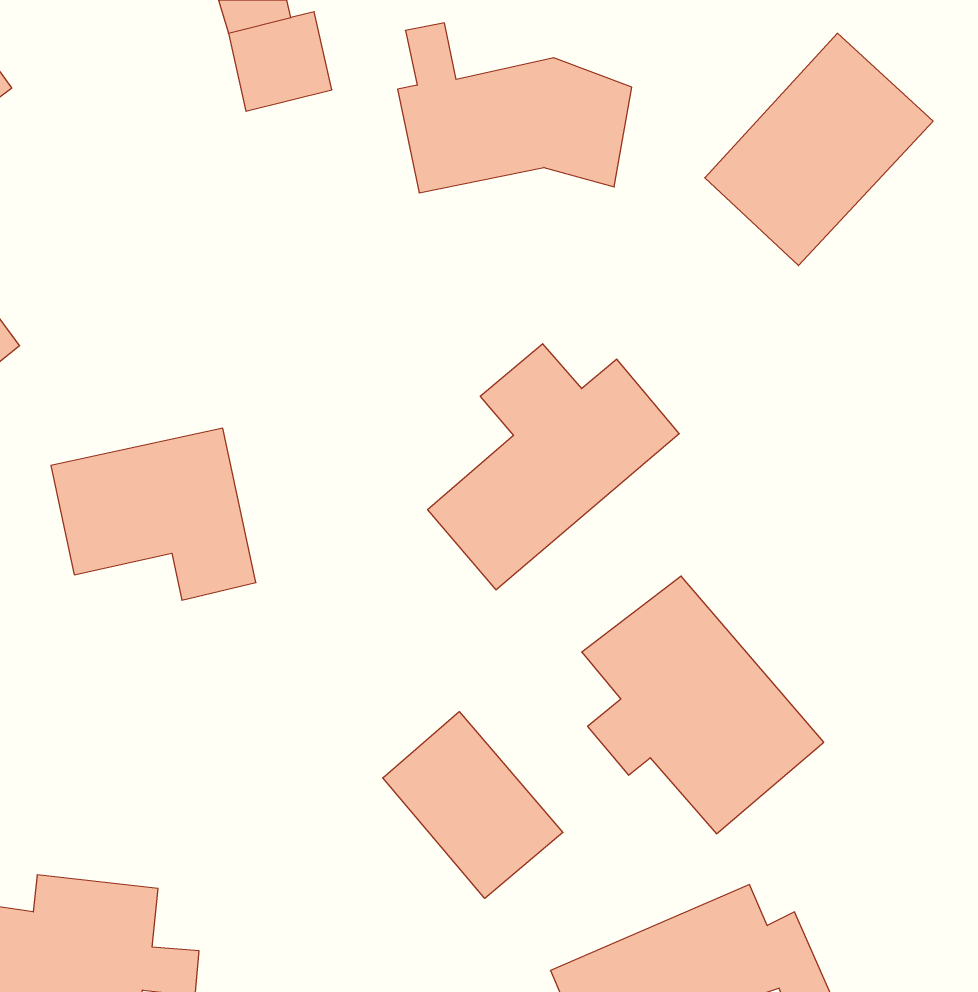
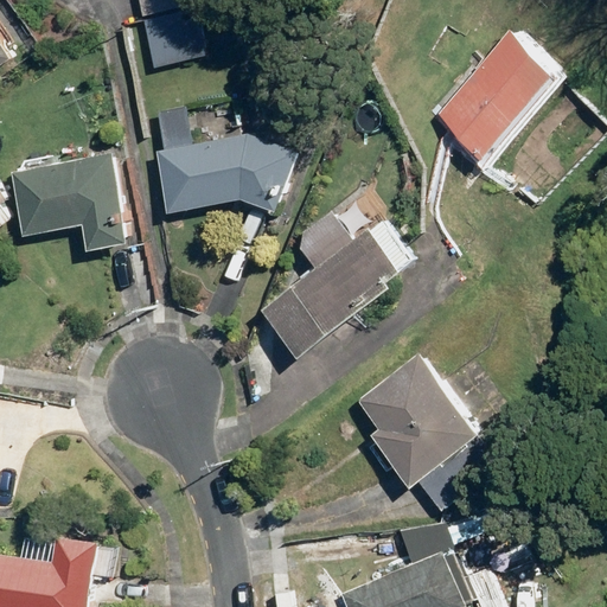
building: [398,23,632,193] -> [153,111,295,215]
building: [51,428,256,600] -> [8,151,133,255]
building: [383,712,563,898] -> none

